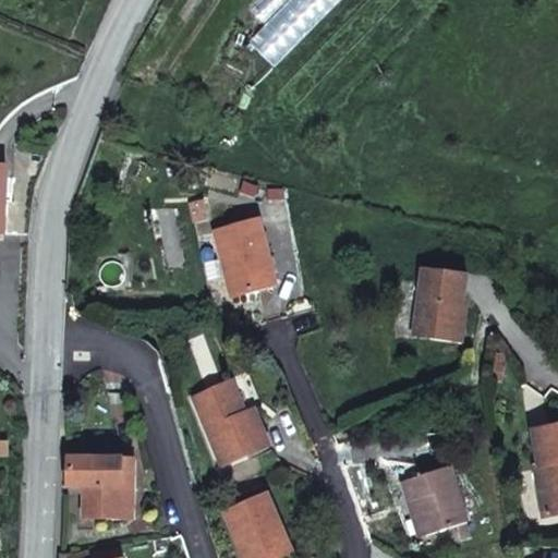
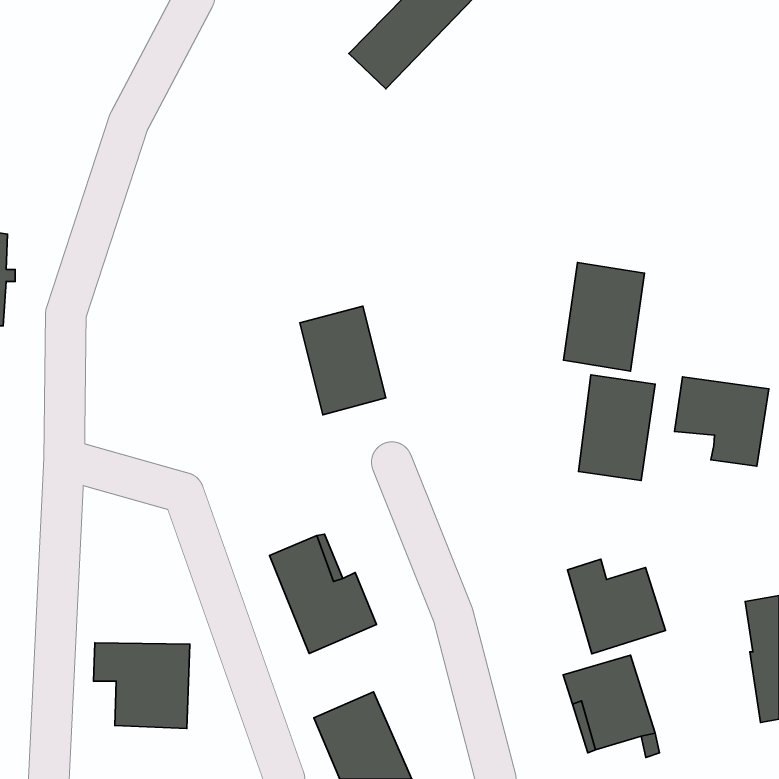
building: none -> [563,262,644,371]
building: none -> [674,377,769,466]
building: none -> [567,559,666,654]

